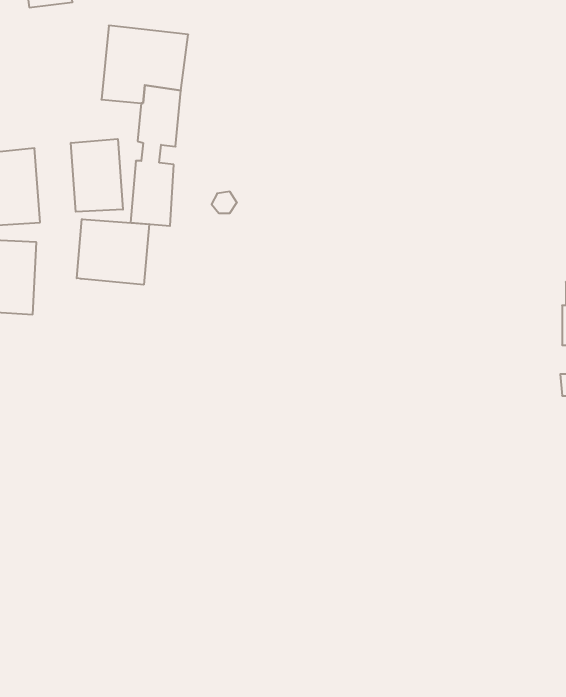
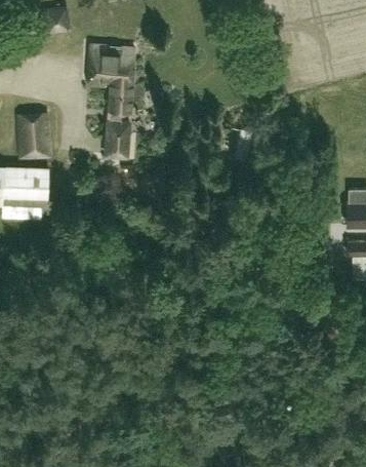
building: [71,139,123,212] -> none
building: [77,219,149,285] -> none

